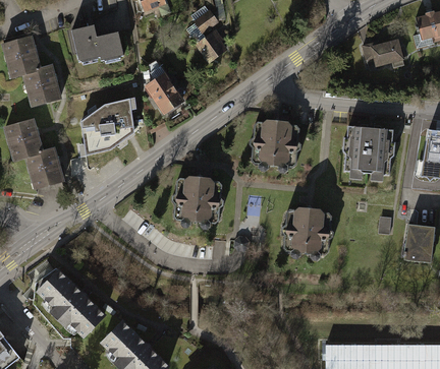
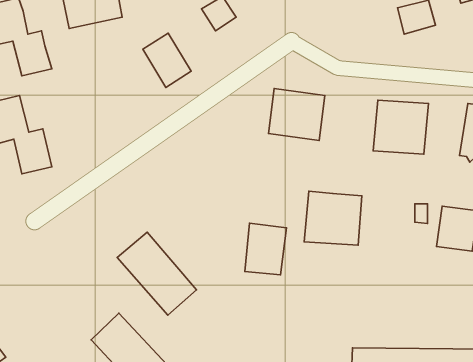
building: [81,99,134,156] -> none
building: [179,174,216,220] -> [245,223,286,275]
building: [31,263,101,336] -> [117,232,197,315]

